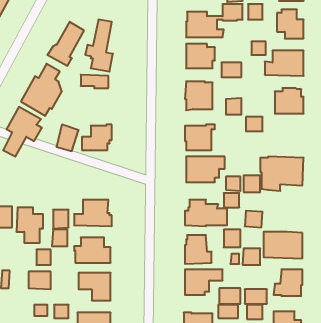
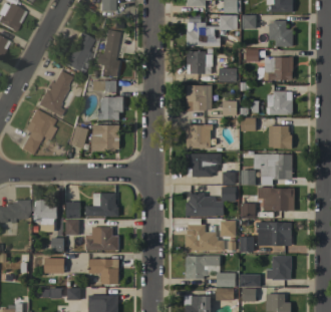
building: none -> [98,96,123,120]
building: none -> [269,125,292,148]
building: none -> [258,187,295,211]

